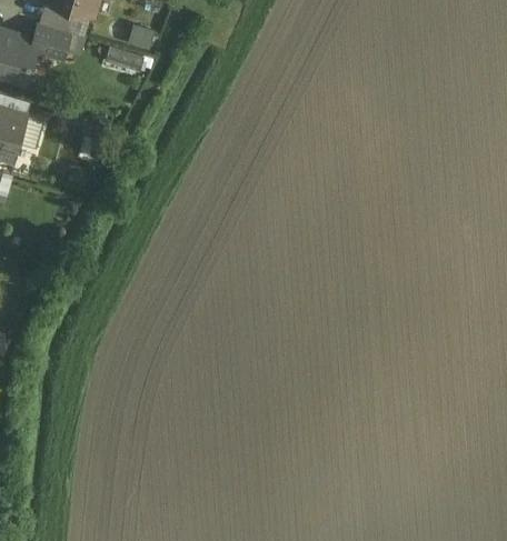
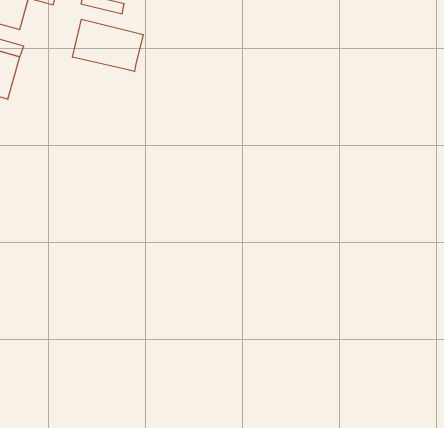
building: none -> [73,19,143,72]

